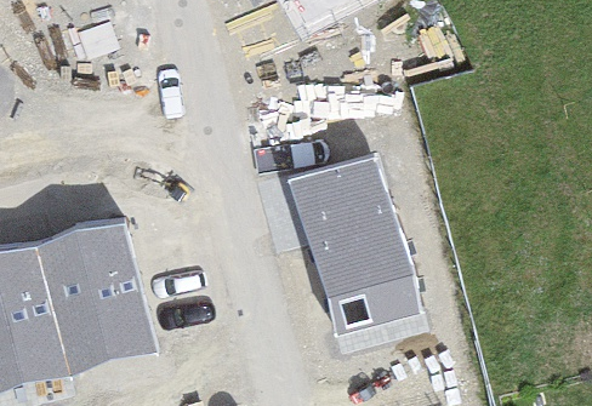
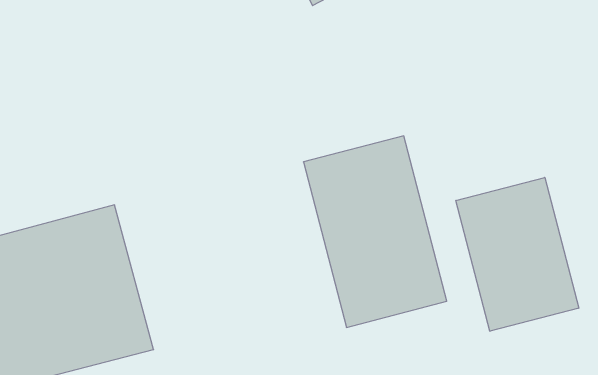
building: none -> [456,177,579,331]

